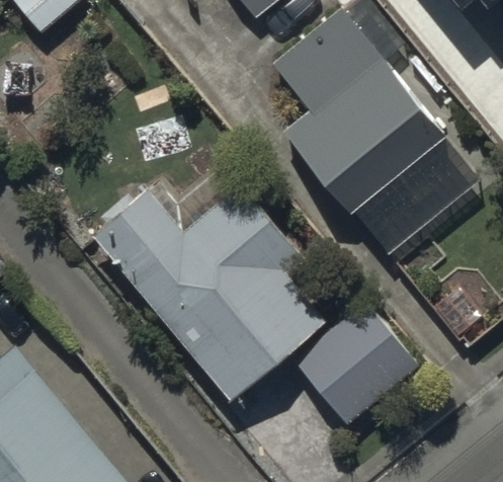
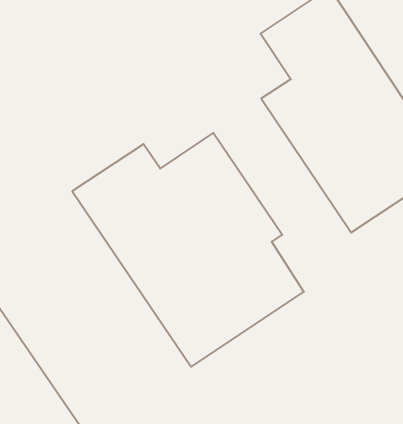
building: [298,308,429,436] -> none

